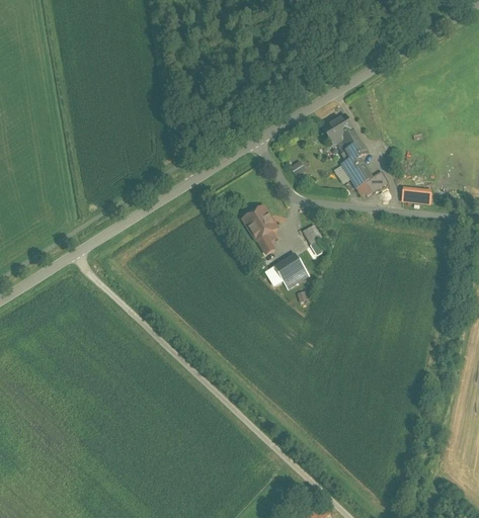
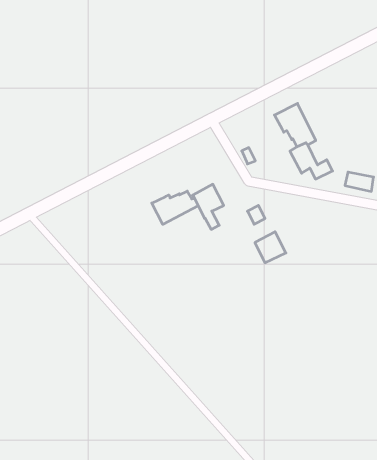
building: none -> [152,191,198,224]
building: [274,255,308,288] -> [255,232,286,263]

